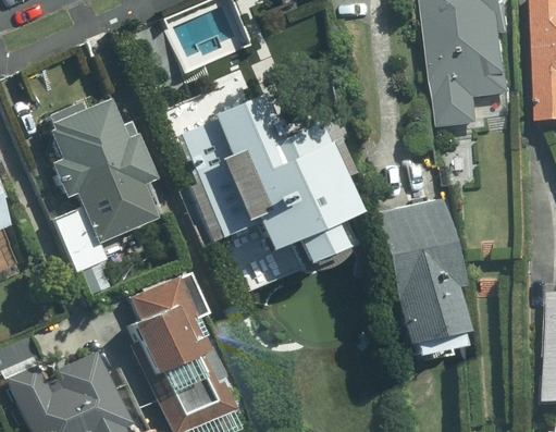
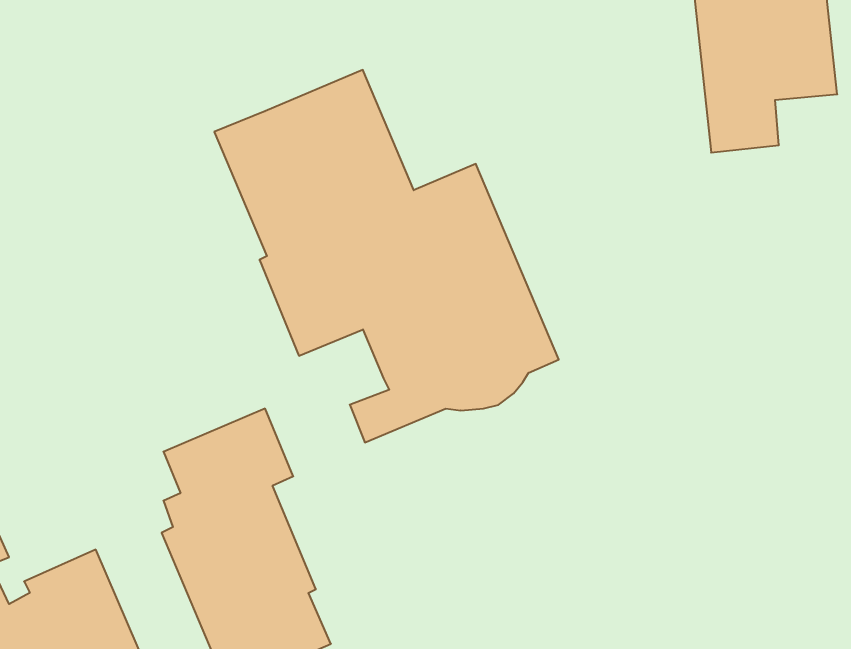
building: [53,98,160,268] -> none
building: [379,197,467,356] -> none

